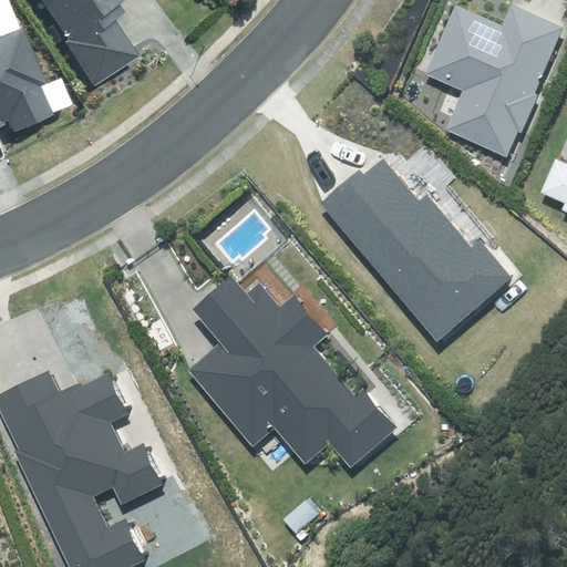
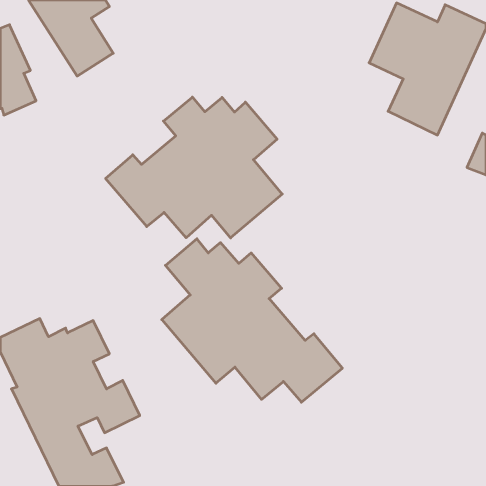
building: none -> [106,97,282,238]
building: [320,158,512,340] -> none

